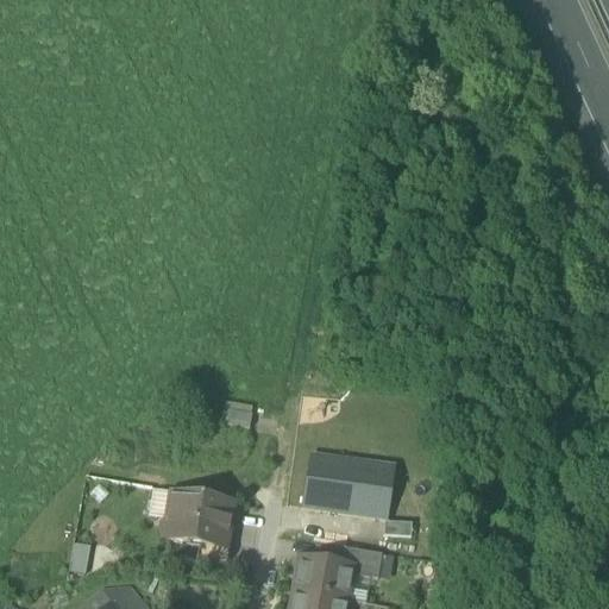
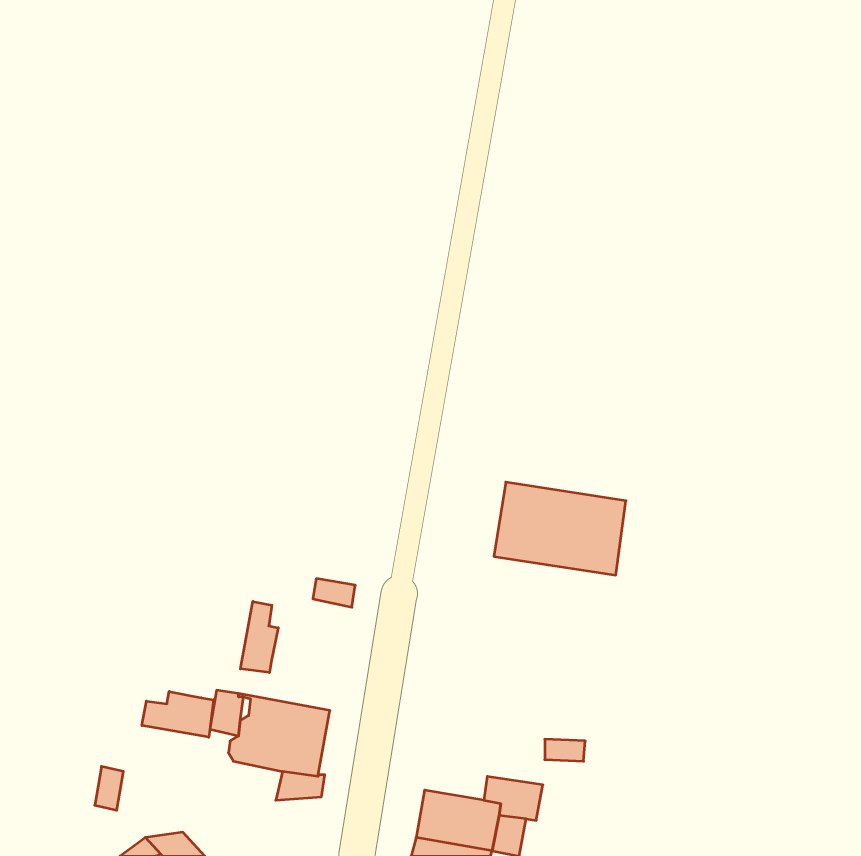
building: none -> [240,601,278,673]
building: [303,452,396,517] -> [494,482,626,575]
building: none -> [142,691,214,737]

